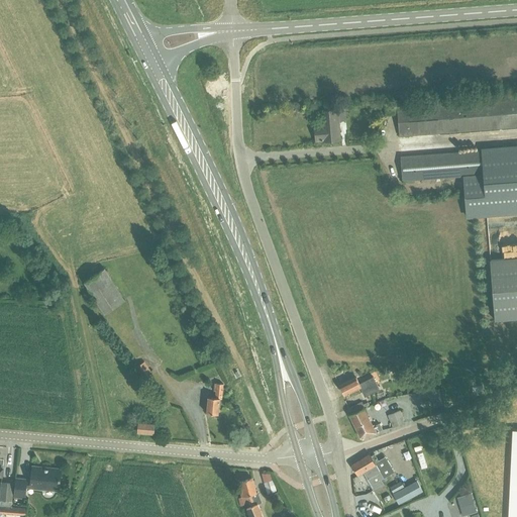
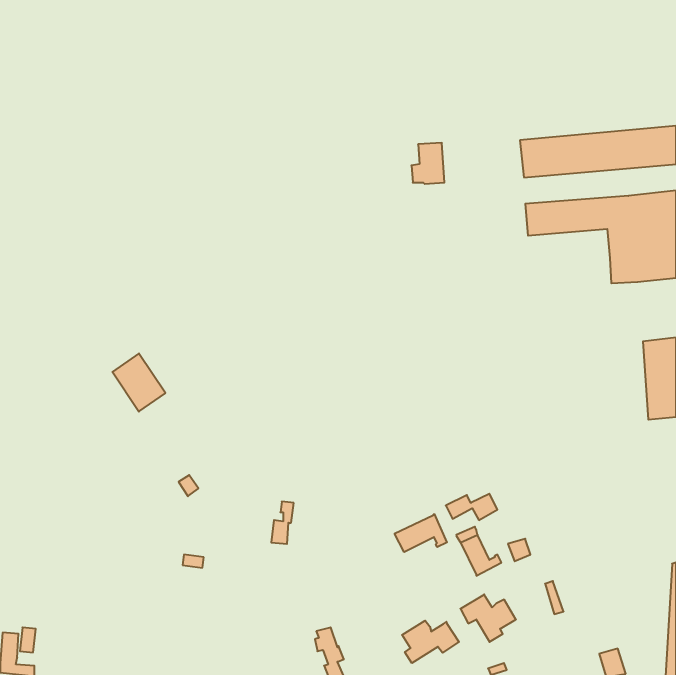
building: none -> [395,514,447,552]
building: [29,468,62,490] -> none
building: none -> [402,621,459,663]
building: [390,481,423,505] -> none

